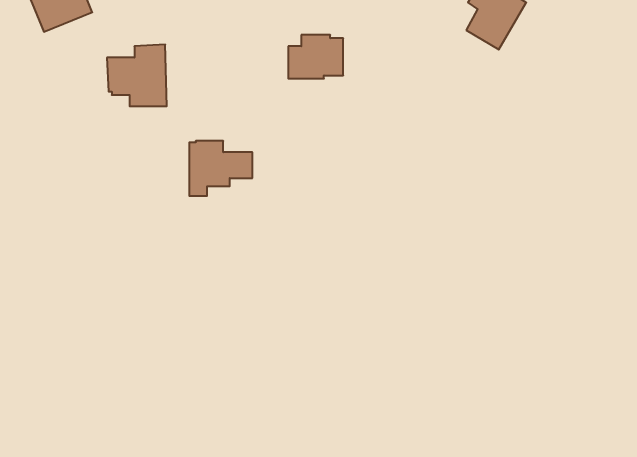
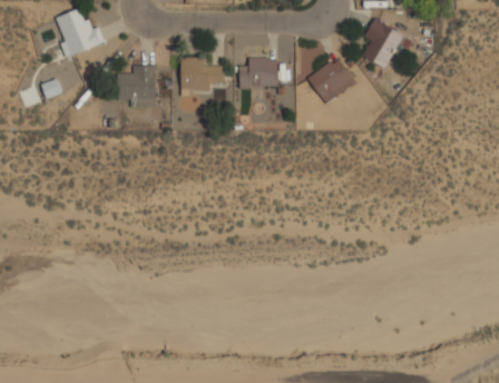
building: none -> [307,58,358,105]
building: [189,141,252,196] -> [180,58,224,96]

